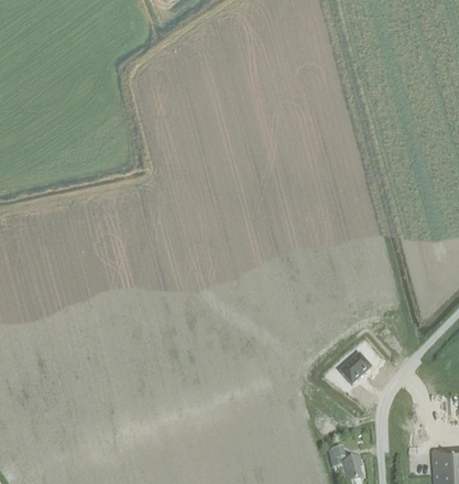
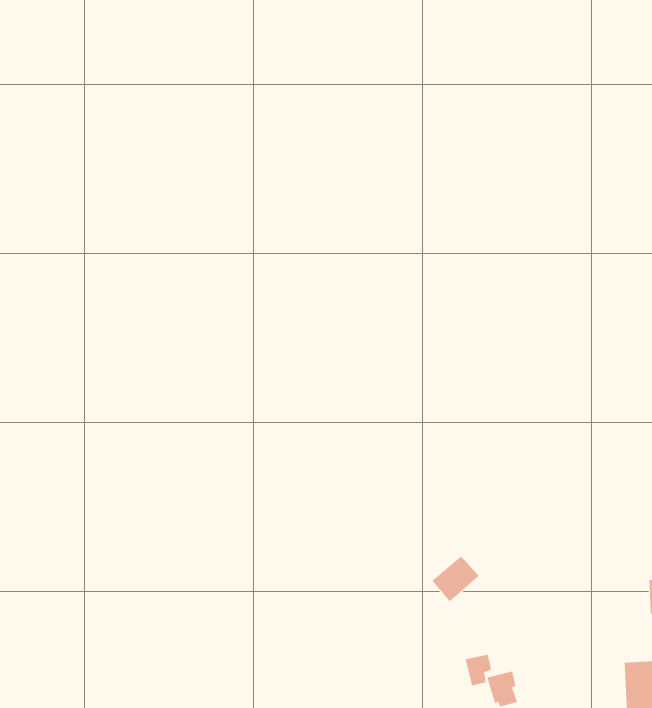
building: [339,351,371,381] -> [431,556,479,602]

